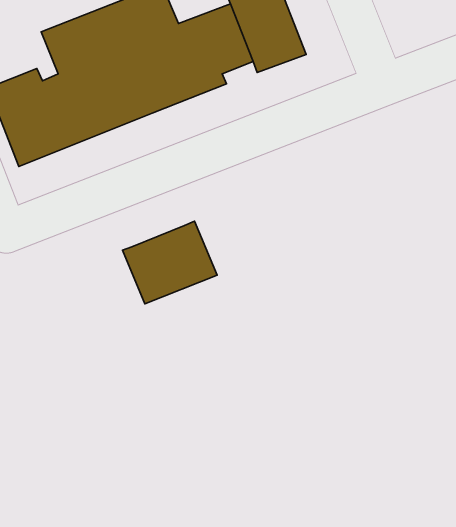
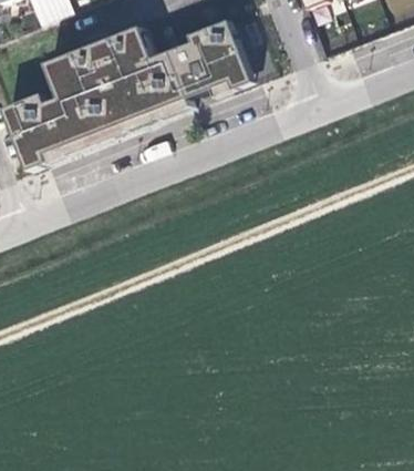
building: [122,221,217,304] -> none

